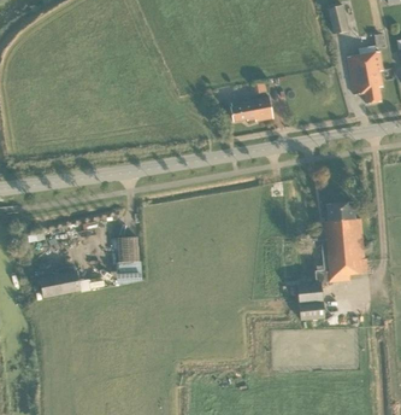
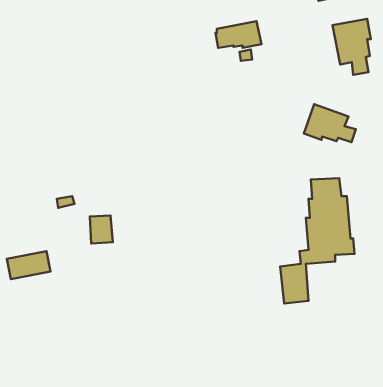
building: [229,95,272,121] -> [216,21,262,48]
building: none -> [304,104,356,142]

